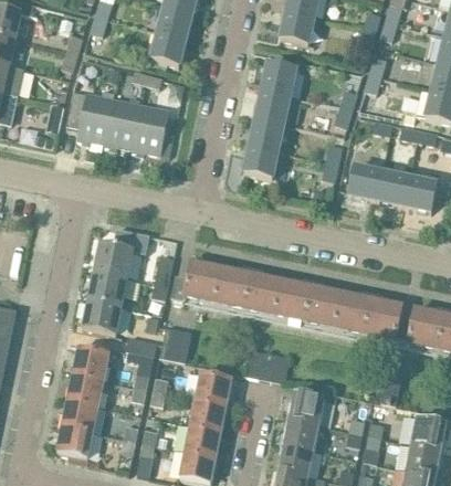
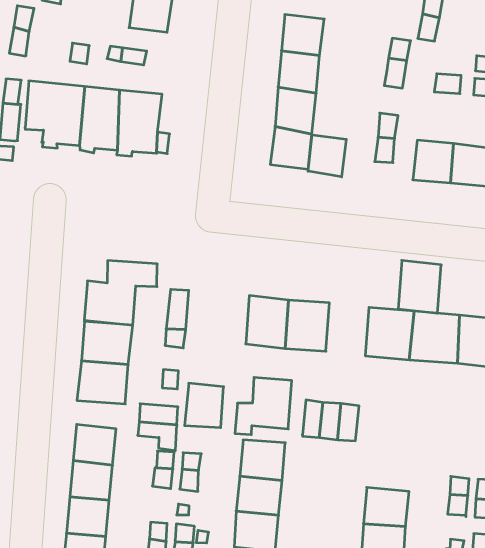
building: none -> [308,135,346,177]
building: [171,260,218,302] -> [235,377,292,435]
building: [270,277,305,319] -> [398,260,441,313]
building: [289,390,325,423] -> none

